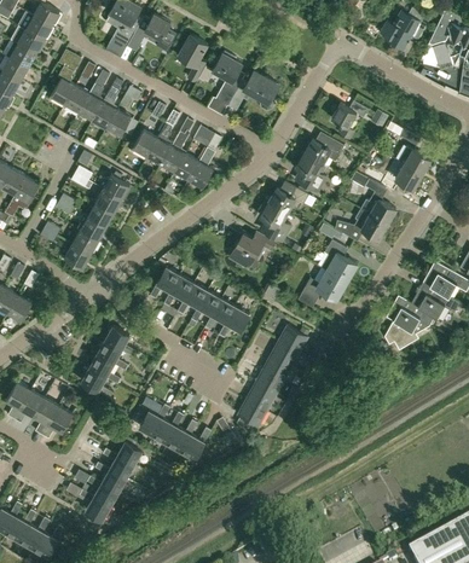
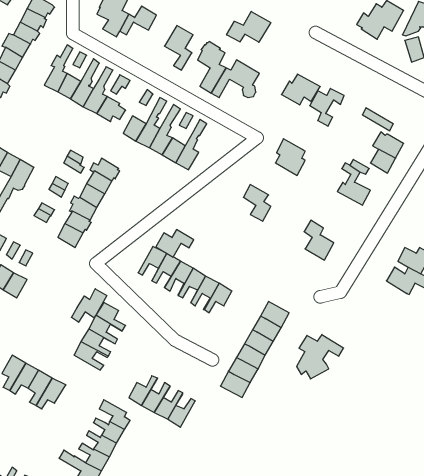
building: none -> [227,11,271,42]
building: [303,132,344,164] -> [281,74,320,105]
building: [268,186,309,213] -> none
building: [336,209,387,239] -> none
building: [234,230,274,259] -> [156,230,194,257]
building: [297,269,347,307] -> none
building: [384,302,434,349] -> [297,334,344,379]
building: none -> [71,289,107,322]

